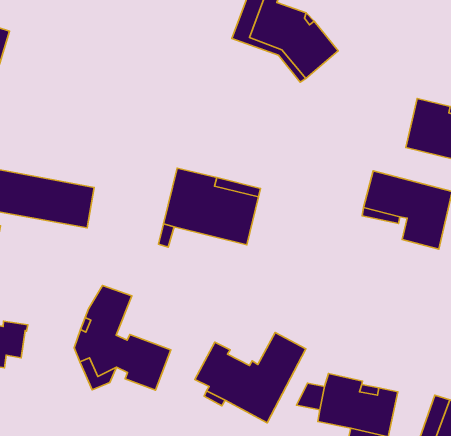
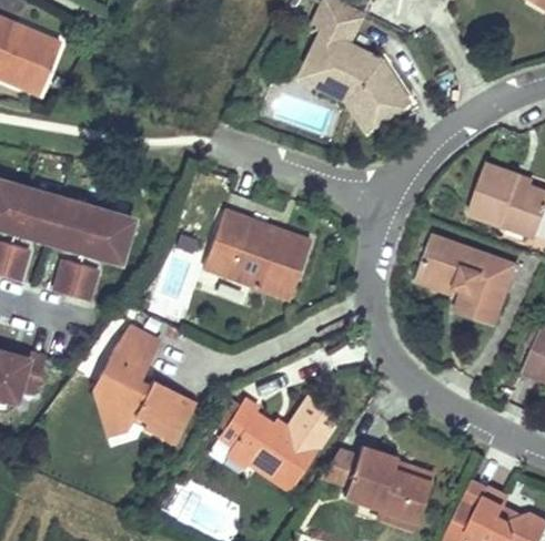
building: none -> [54,259,97,302]

